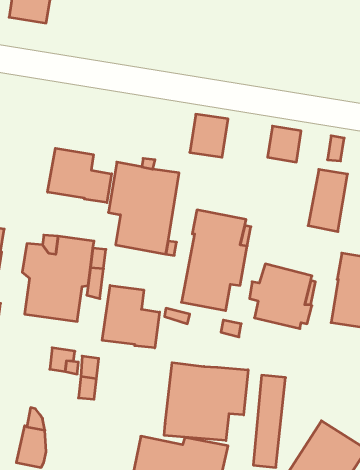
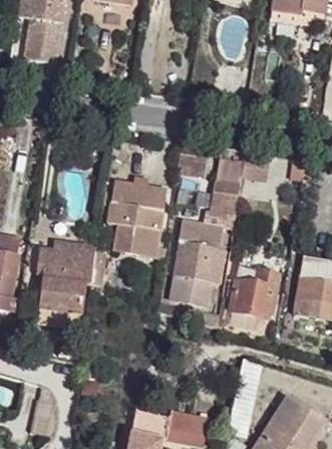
building: [48,148,112,203] -> none
building: [308,169,348,232] -> [209,162,242,214]
building: [102,285,160,348] -> none
building: [164,363,248,441] -> none

